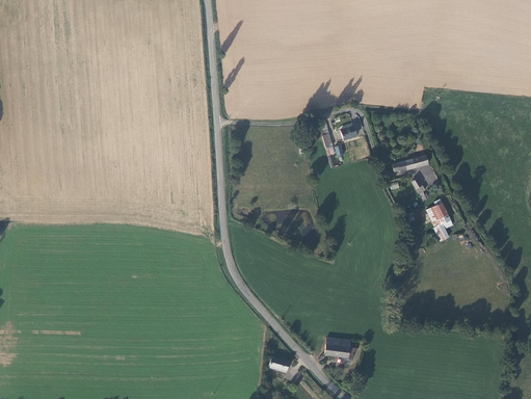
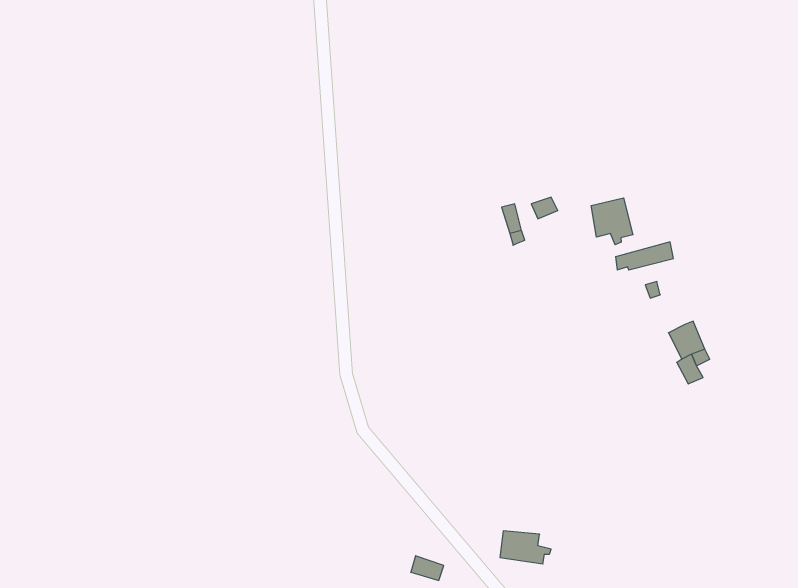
building: none -> [591,198,633,245]

